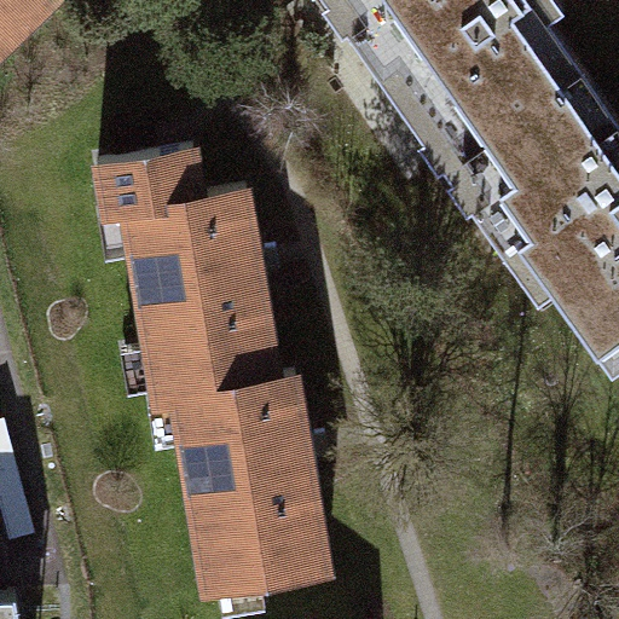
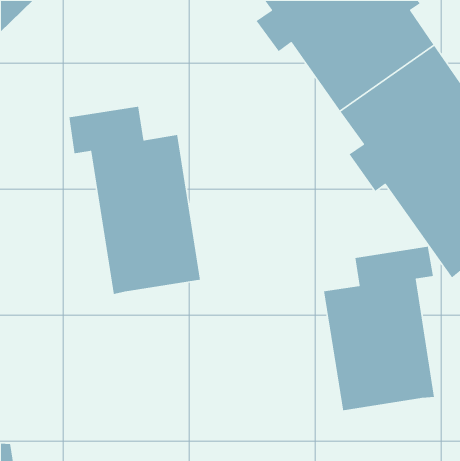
building: none -> [323,246,435,411]
building: [174,375,328,584] -> none

